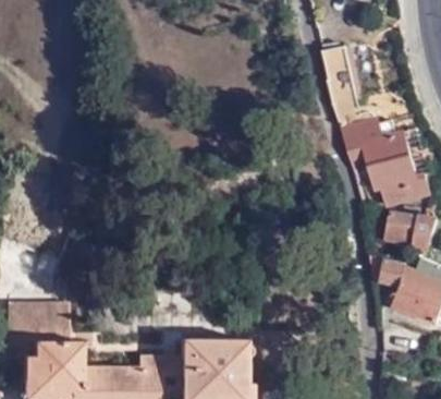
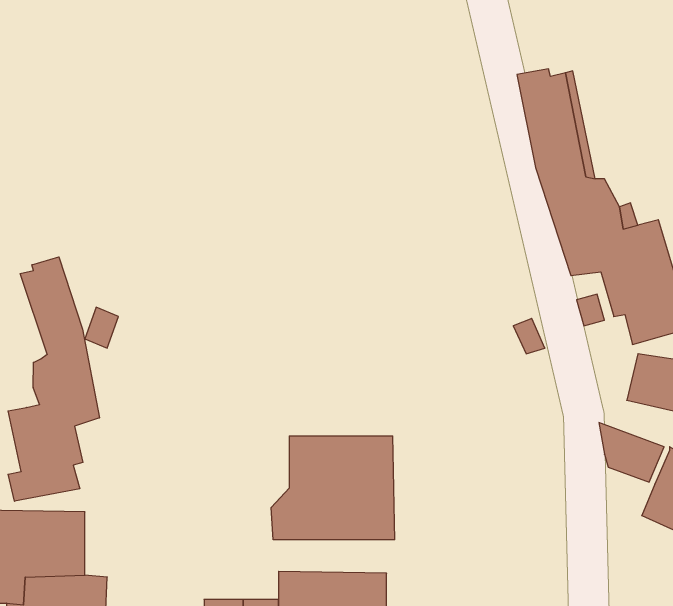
building: none -> [8,257,99,501]
building: none -> [271,436,395,540]

